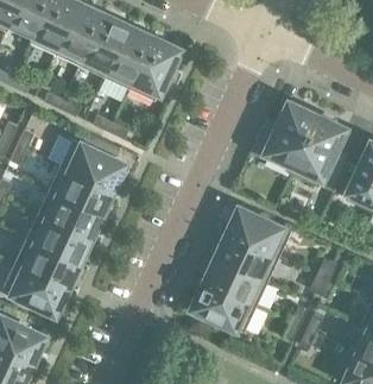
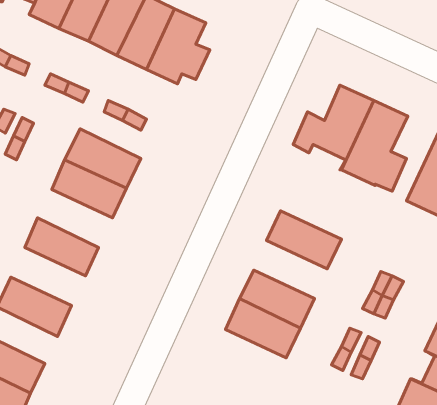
building: [36,189,99,238] -> none
building: [217,232,279,281] -> none
building: [13,238,76,287] -> none

